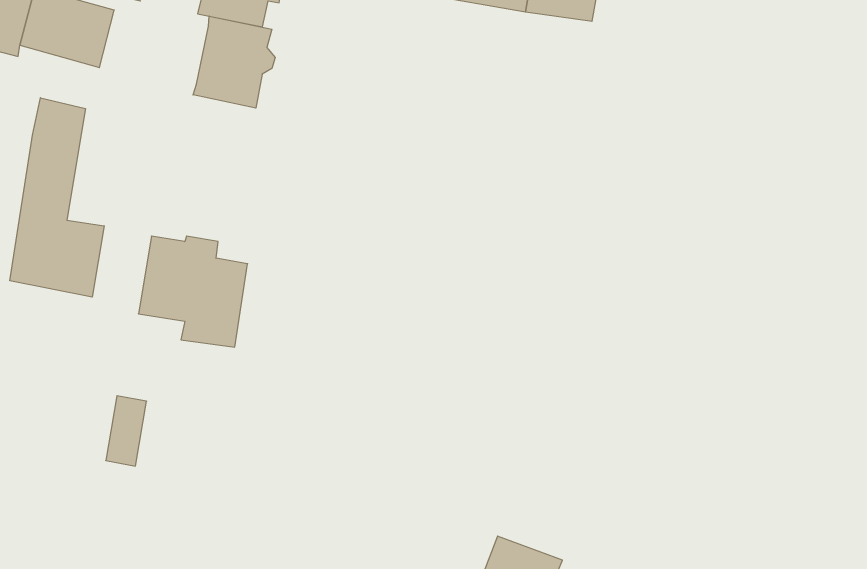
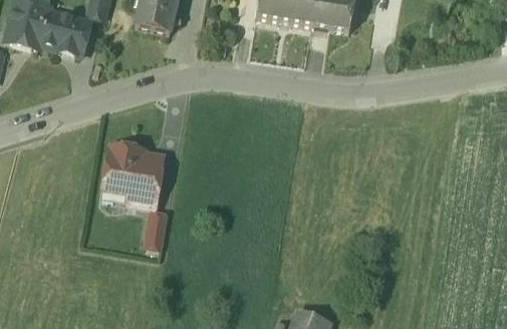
building: [193,16,275,108] -> none
building: [10,98,104,297] -> none
building: [106,396,147,466] -> [147,210,169,248]

